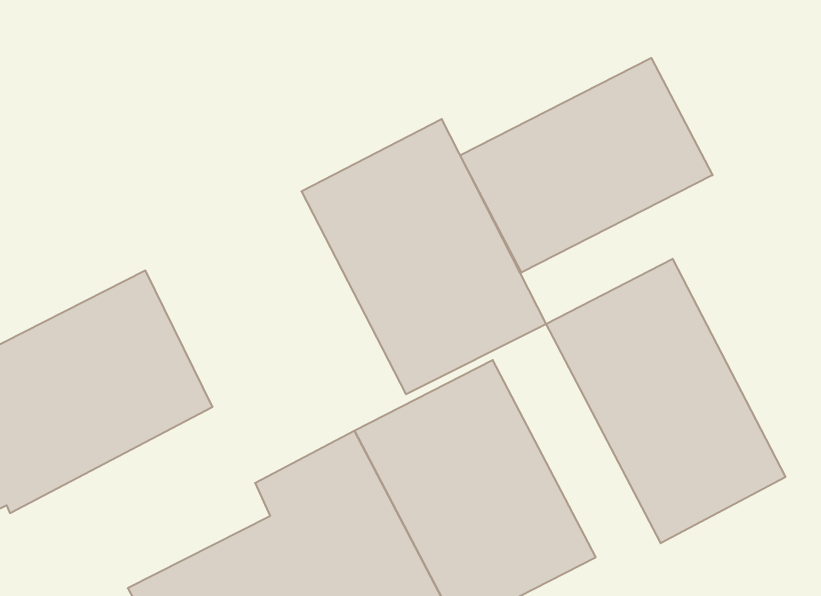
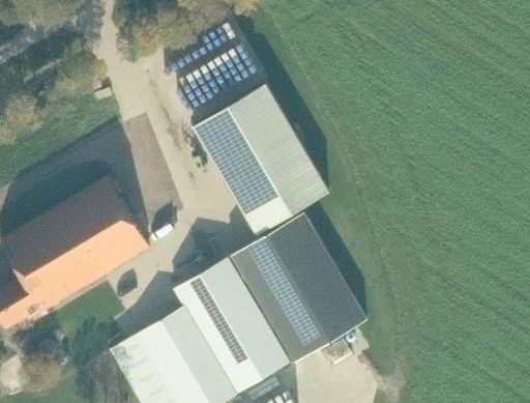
building: [460,58,713,273] -> none
building: [546,259,785,543] -> none

